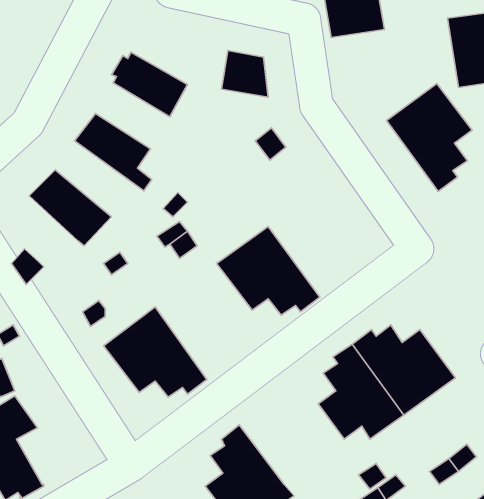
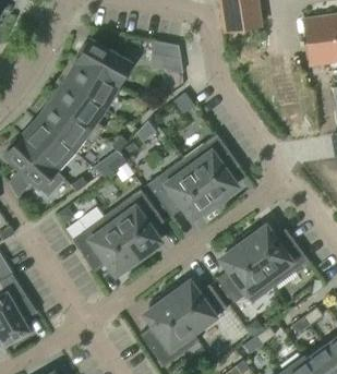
building: none -> [65,62,116,107]
building: [387,83,472,192] -> [182,134,240,207]
building: none -> [38,101,98,153]
building: none -> [5,138,53,185]
building: none -> [106,189,164,263]
building: none -> [163,281,227,334]

